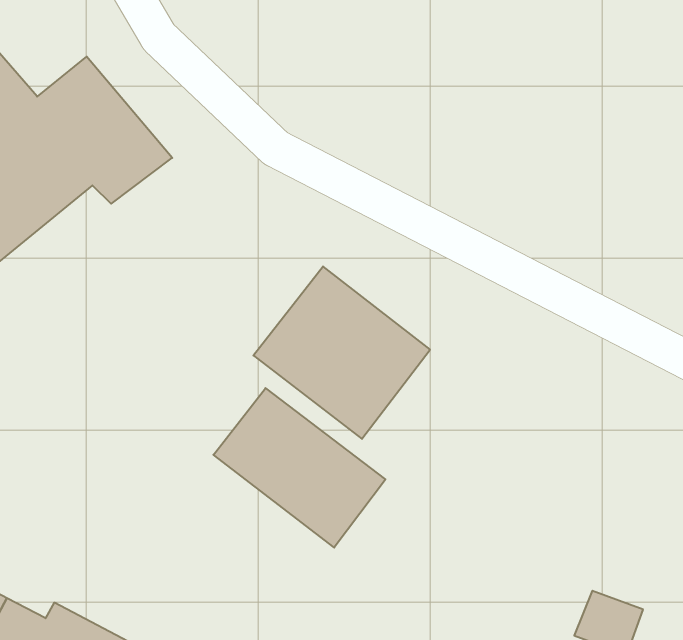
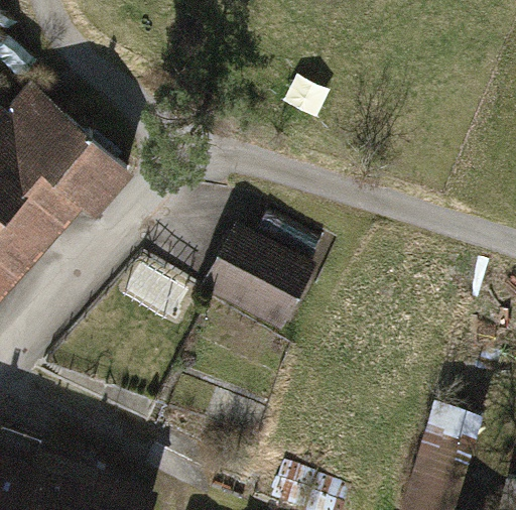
building: [213,388,385,548] -> none

